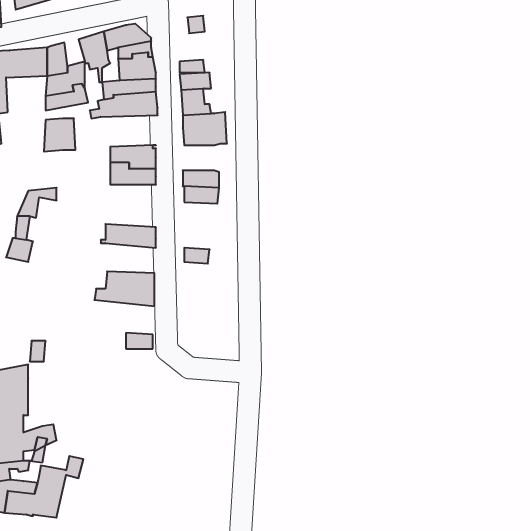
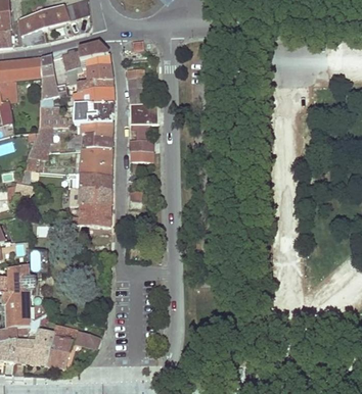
building: none -> [75,103,112,125]
building: none -> [29,126,62,152]
building: none -> [79,148,111,176]
building: none -> [78,186,111,205]
building: none -> [47,326,101,366]

